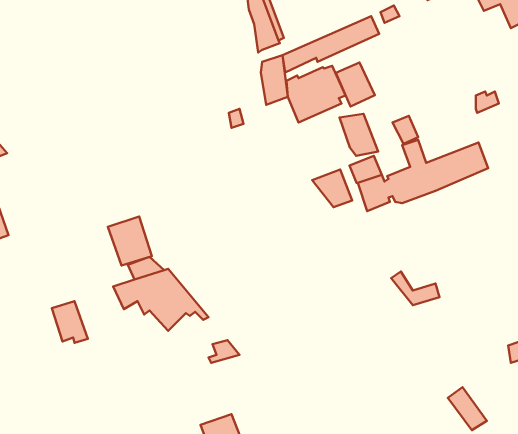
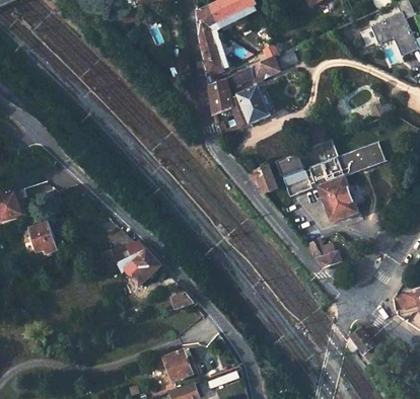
building: [336,62,375,106] -> none
building: [340,114,378,156] -> none
building: none -> [316,180,354,224]
building: [108,216,152,266] -> none
building: [52,301,88,343] -> [31,223,59,254]

